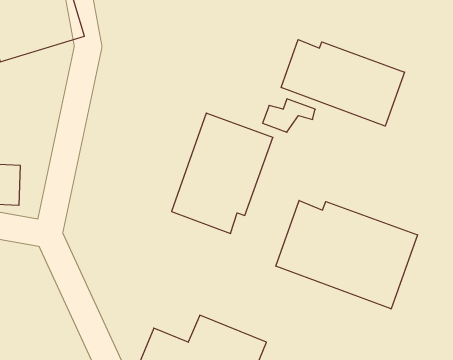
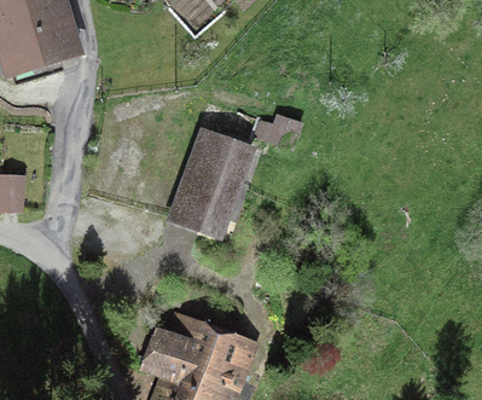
building: [281,40,405,126] -> none
building: [276,200,418,309] -> none

